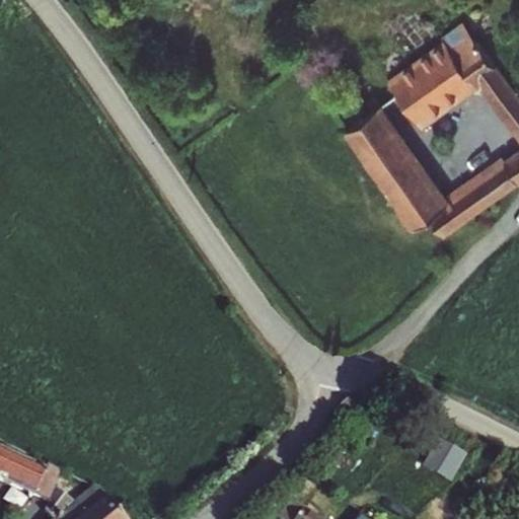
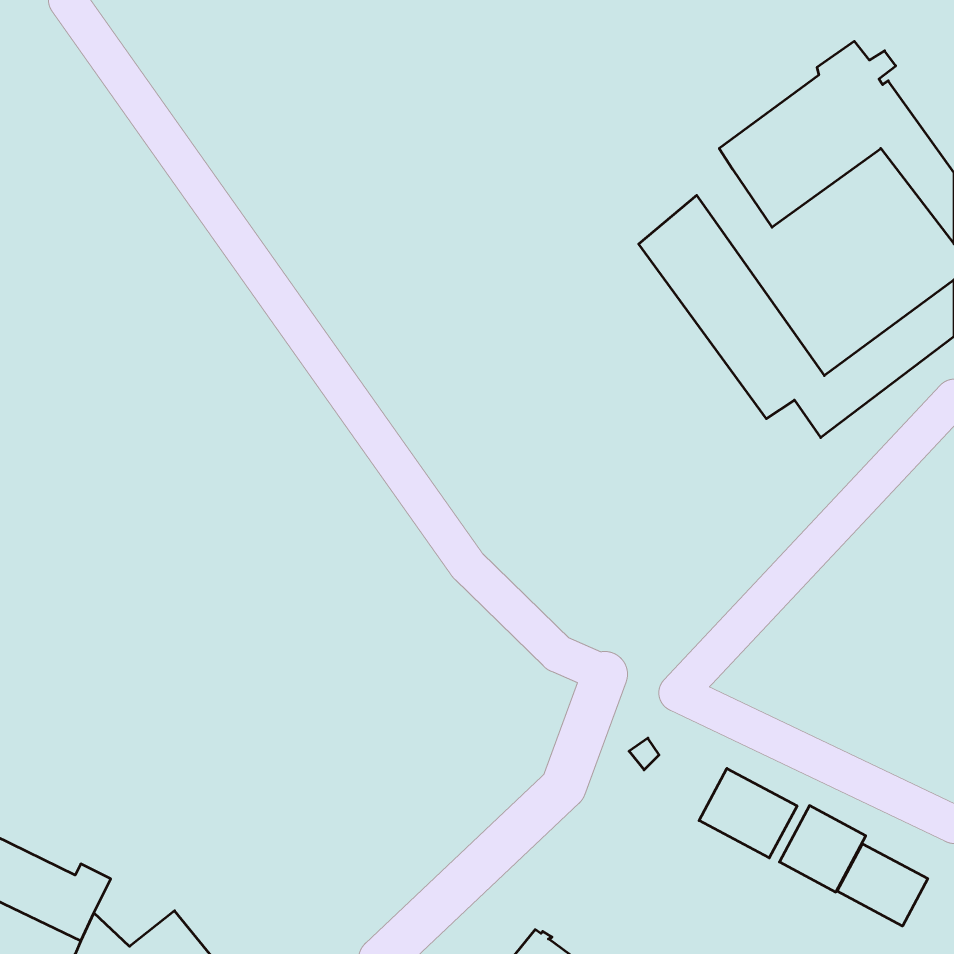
building: none -> [699,768,797,858]
building: none -> [837,844,928,926]

